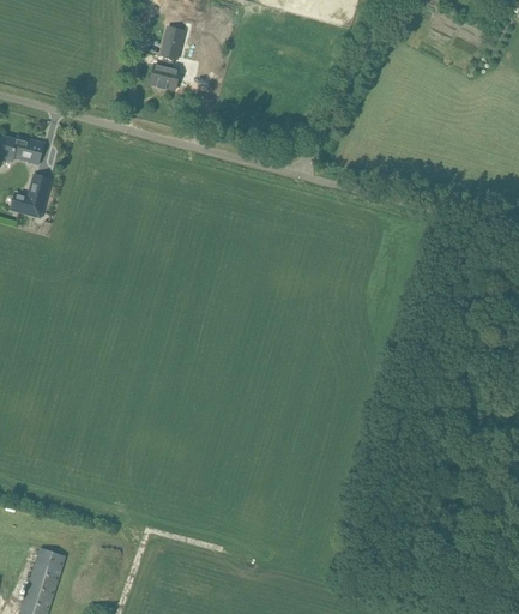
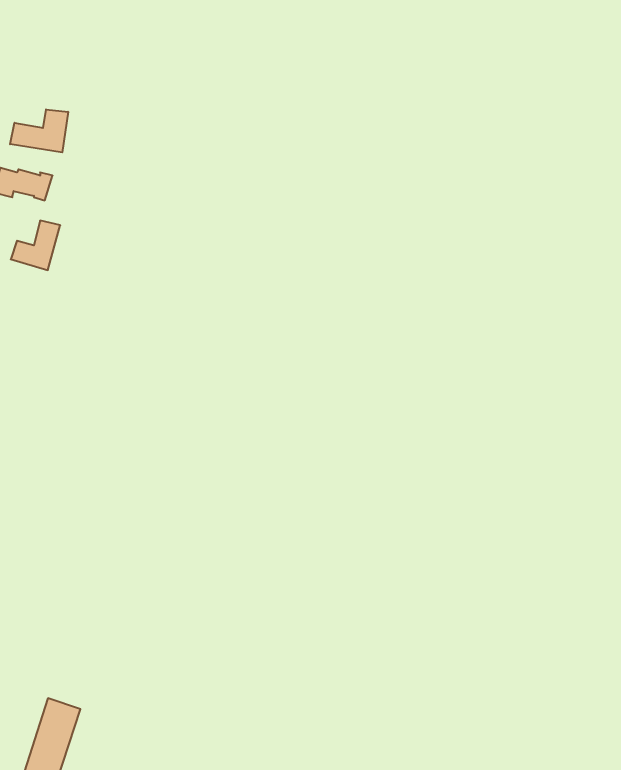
building: [149,26,185,90] -> none
building: none -> [10,109,68,152]

